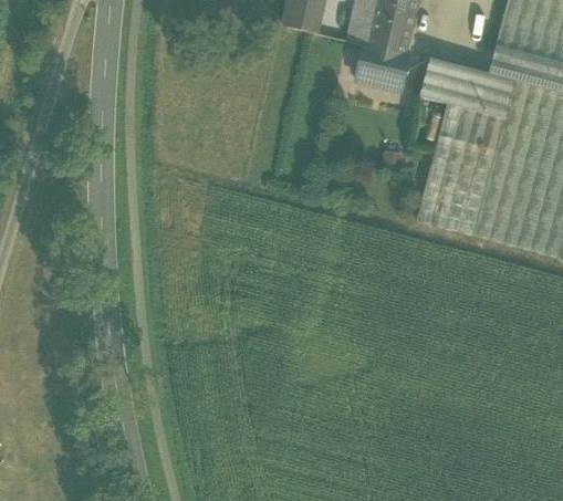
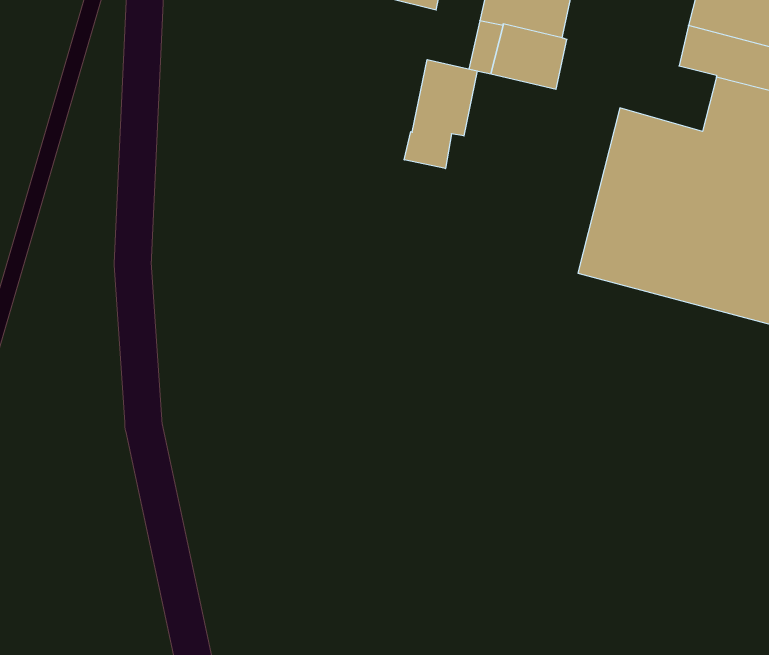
building: [420,55,517,117] -> none
building: none -> [404,60,477,169]

